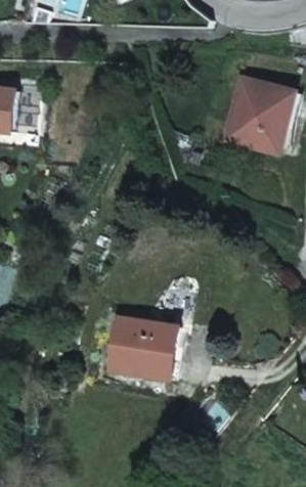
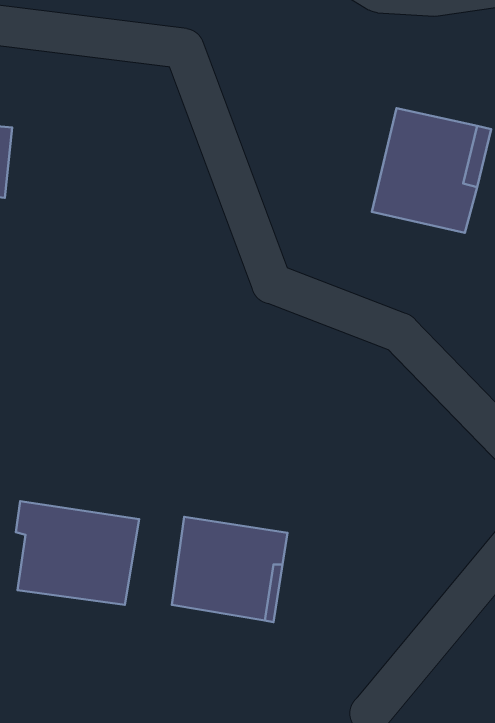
building: none -> [16,501,139,605]

